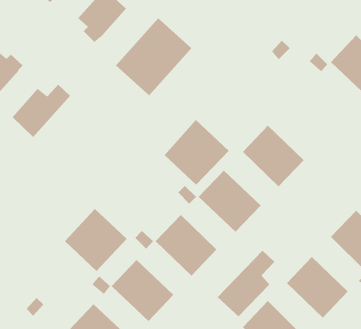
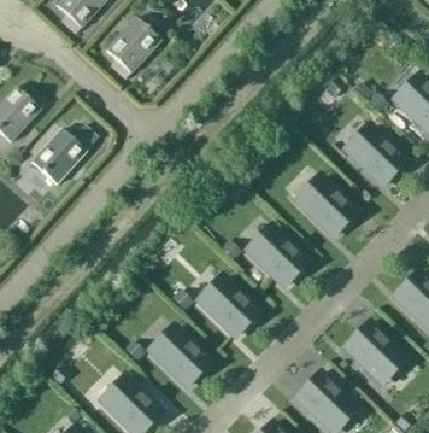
building: [115,18,192,96] -> none
building: none -> [340,119,410,189]
building: [164,119,229,186] -> none
building: [64,208,127,272] -> none
building: [217,250,275,317] -> none

